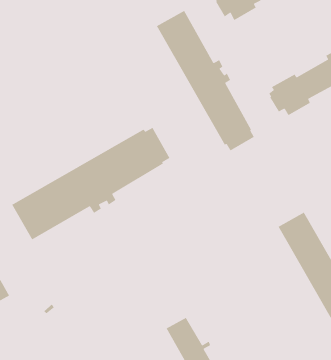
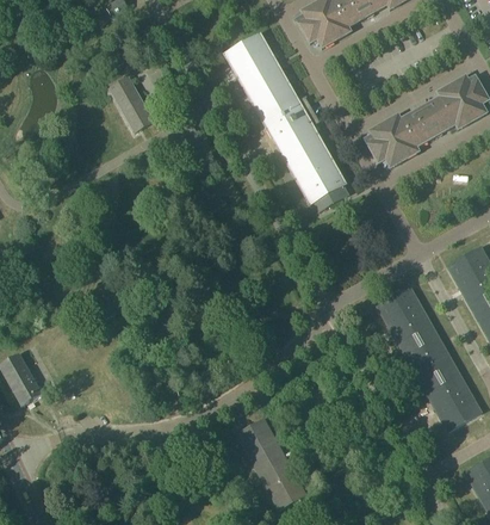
building: none -> [108,76,155,132]
building: [11,127,171,240] -> none

